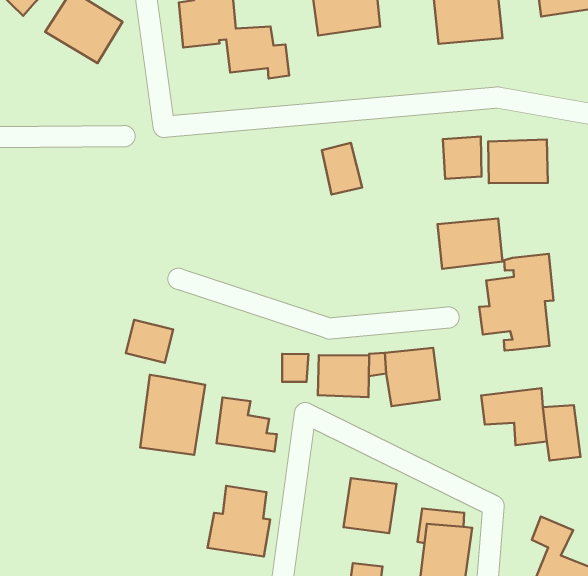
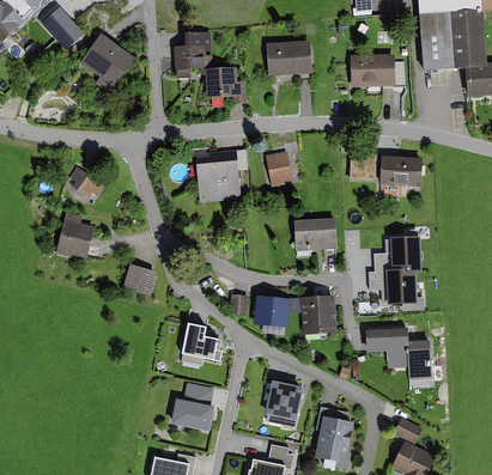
building: none -> [194,150,248,202]
building: none -> [69,165,103,197]
building: [438,219,502,269] -> [293,219,336,251]
building: none -> [55,212,95,258]
building: [140,375,205,455] -> none

